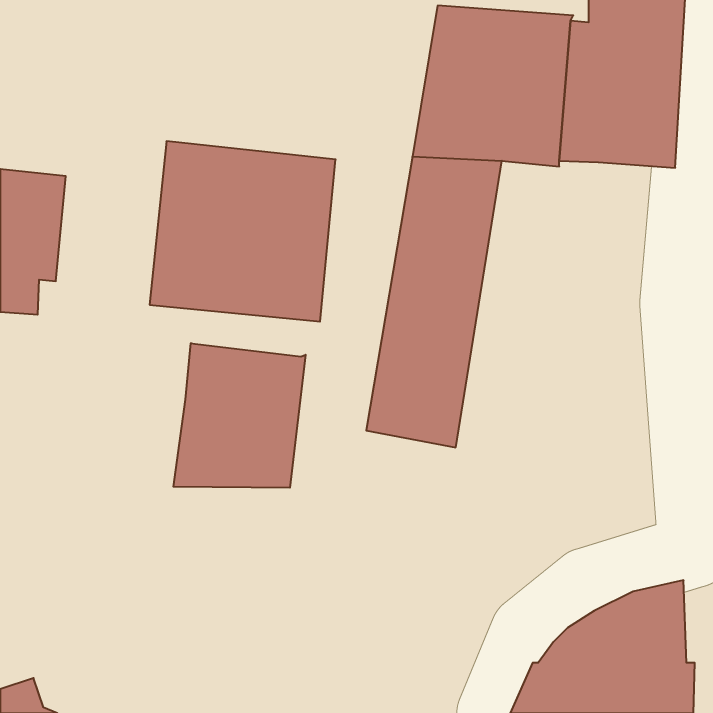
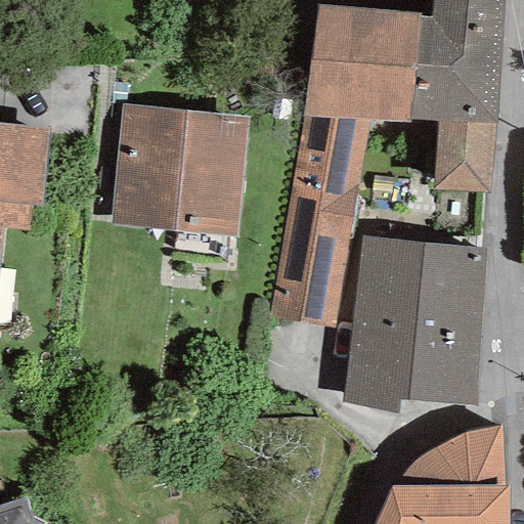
building: none -> [434,119,495,192]
building: none -> [342,234,486,412]
building: [173,343,306,488] -> none

